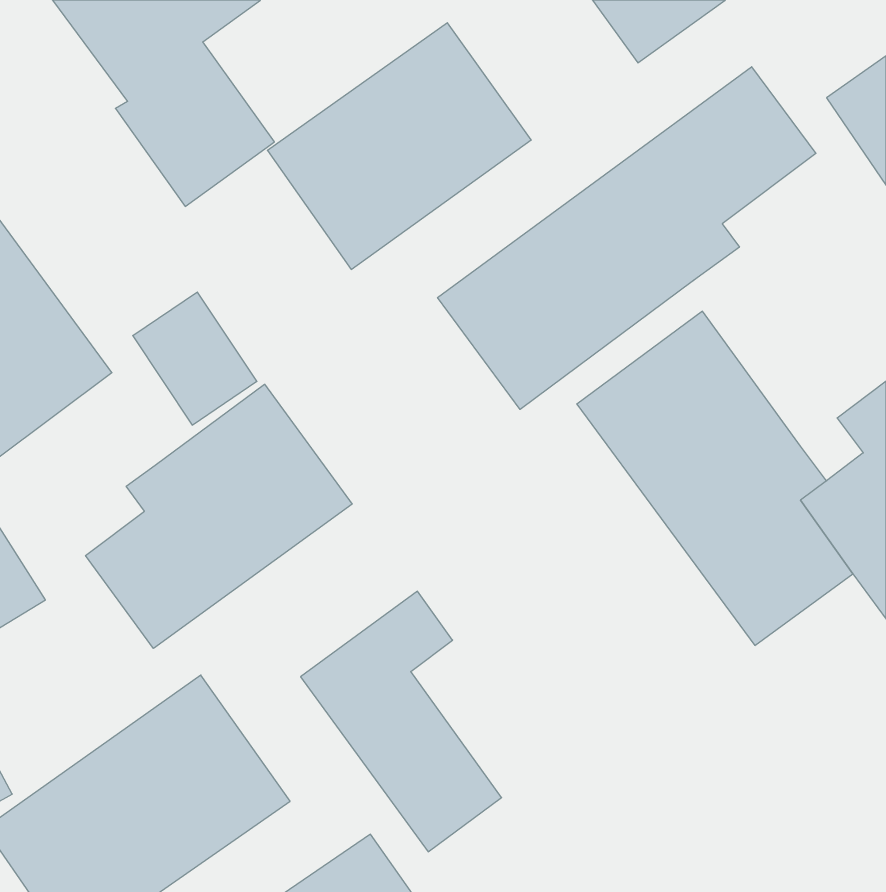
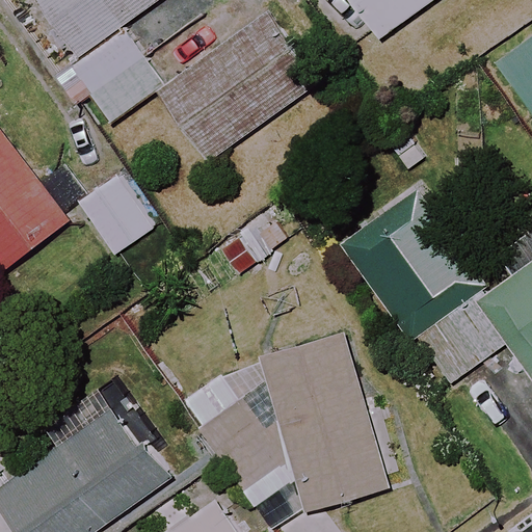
building: [438,67,816,409] -> none
building: [86,384,352,648] -> none
building: none -> [264,332,388,510]

